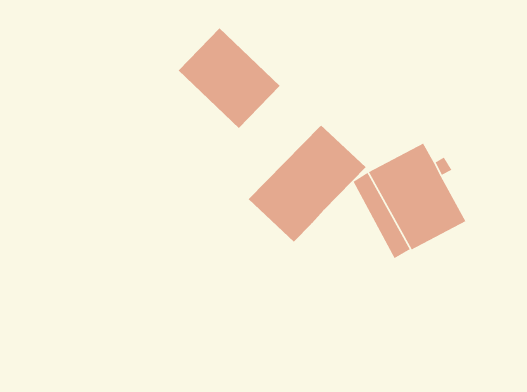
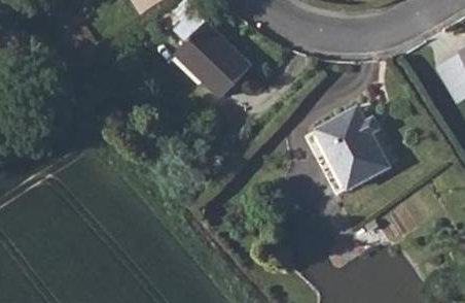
building: [248,124,367,242] -> none

